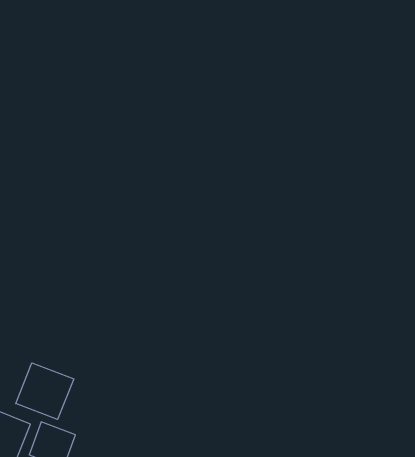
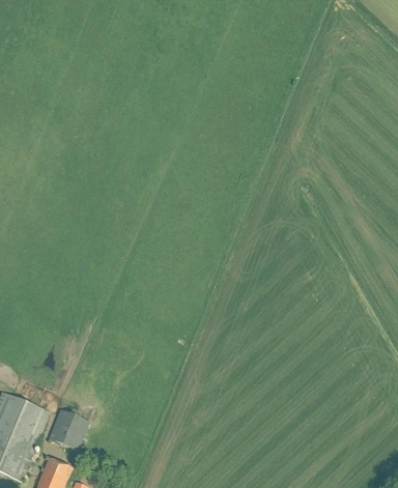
building: [16,363,74,419] -> none

